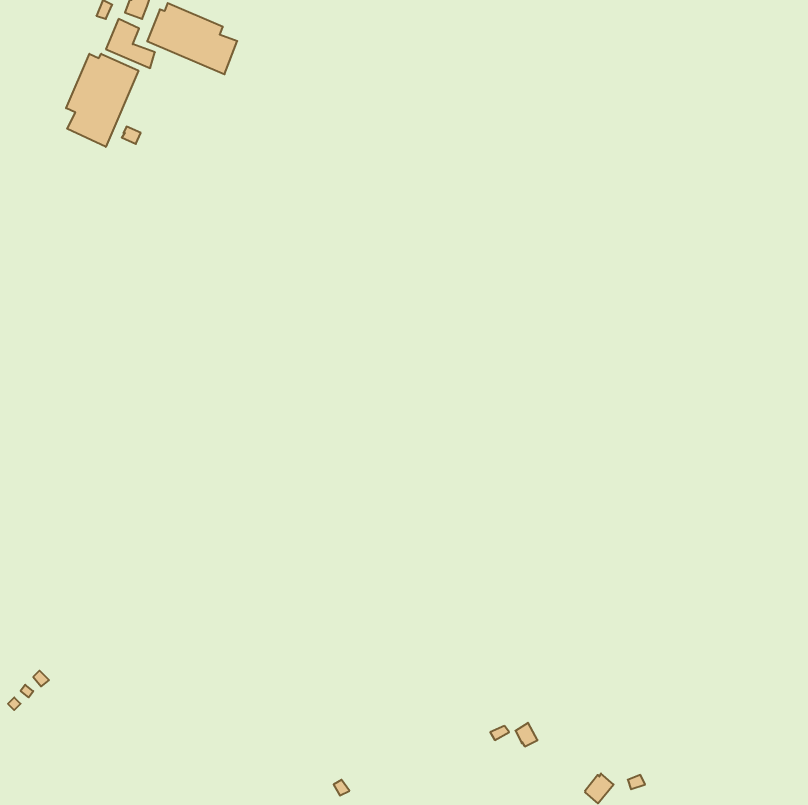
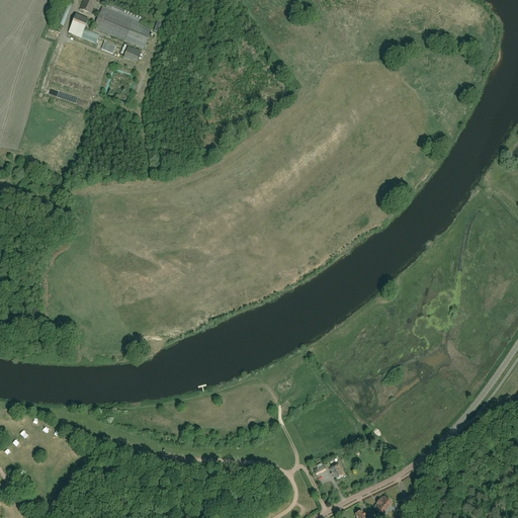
building: [66,54,138,147] -> none

